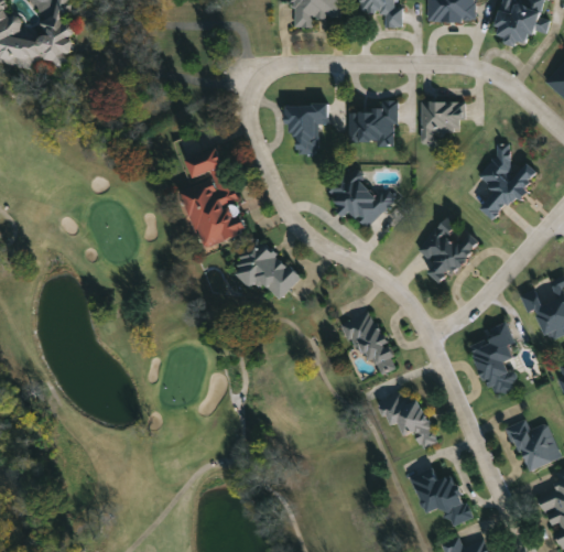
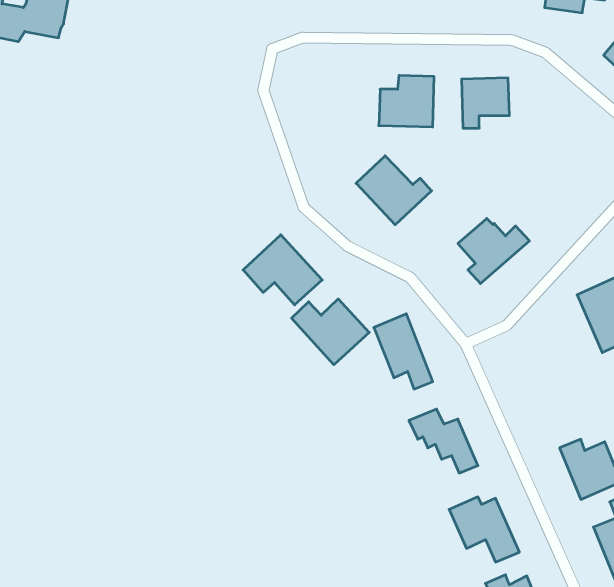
building: [285,105,328,153] -> none
building: [479,143,535,223] -> none
building: [178,147,245,248] -> none
building: none -> [292,299,369,365]
building: [470,321,519,399] -> none

